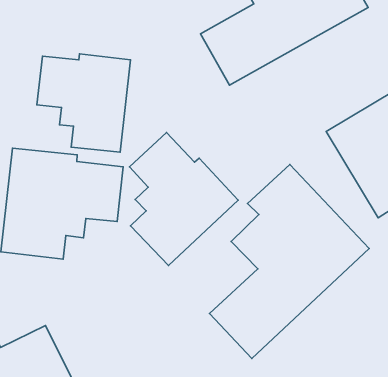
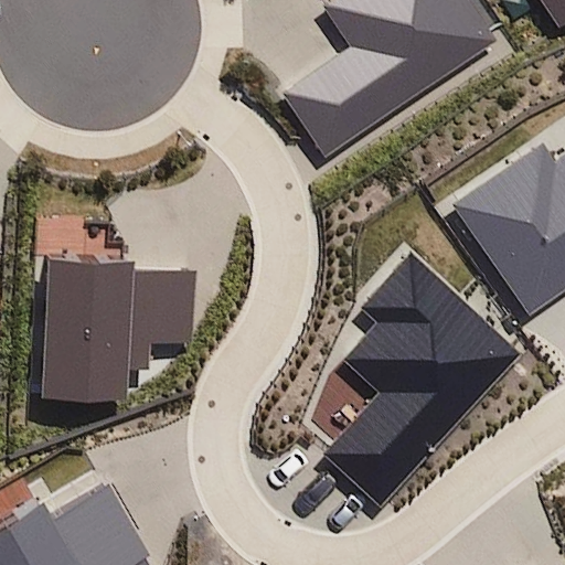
building: [37,54,130,152] -> none
building: [129,132,238,266] -> none

